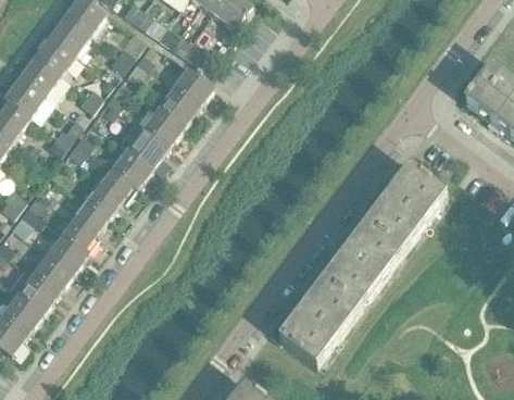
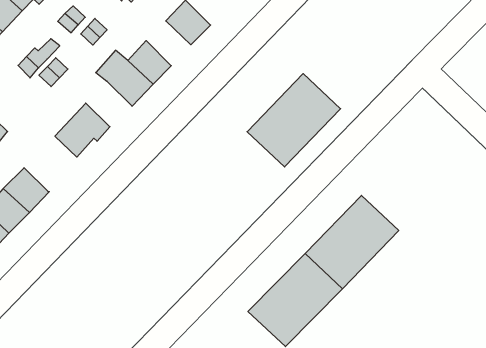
building: [158,87,198,126] -> none
building: [111,147,152,188] -> none
building: [365,163,446,248] -> [247,74,341,167]
building: [63,201,109,251] -> none

